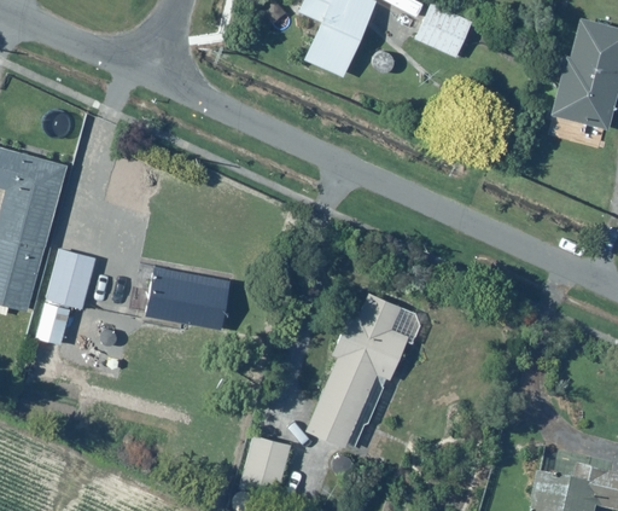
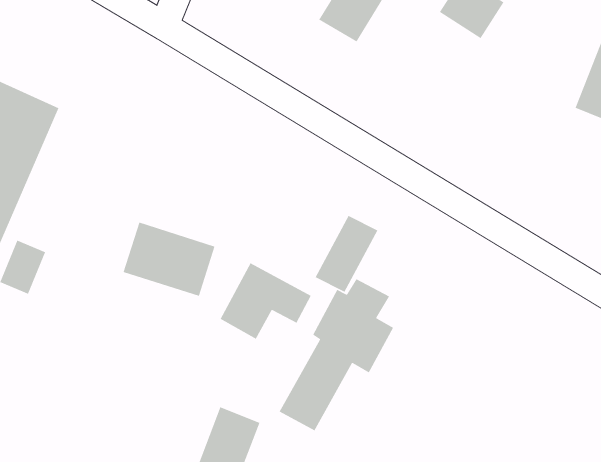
building: none -> [315,215,379,293]
building: [45,248,98,309] -> none
building: none -> [219,262,312,340]

